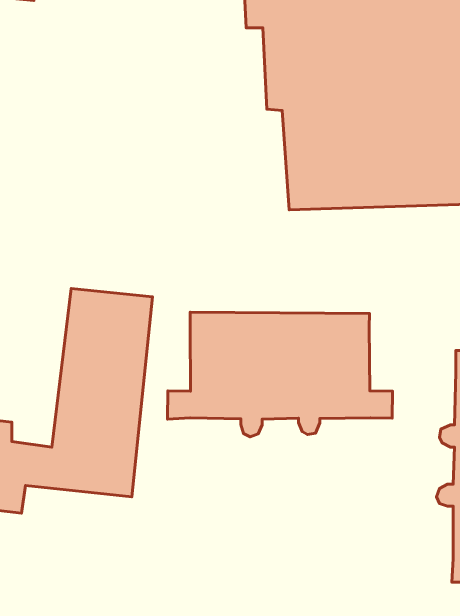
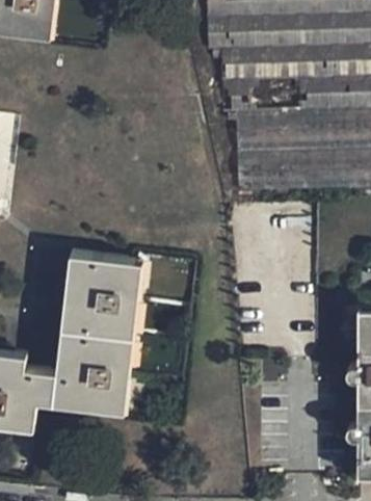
building: [167,312,392,437] -> none

